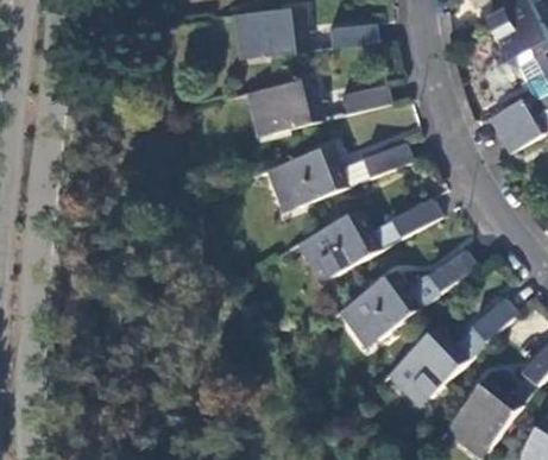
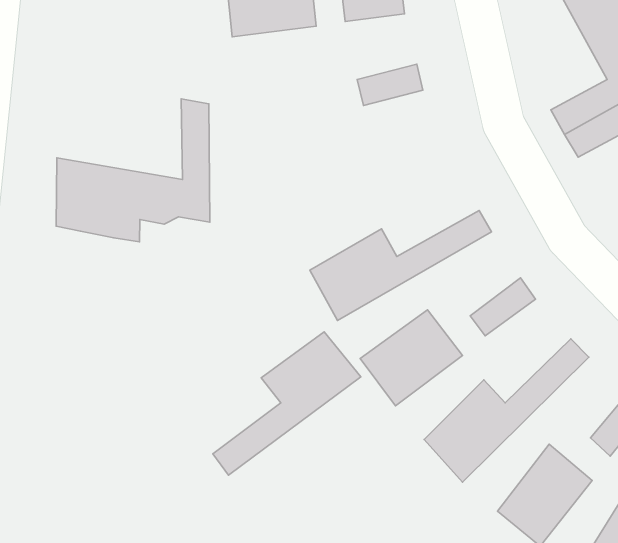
building: [245,77,320,138] -> none
building: none -> [56,99,210,242]
building: [267,141,410,212] -> none
building: none -> [213,332,361,475]

